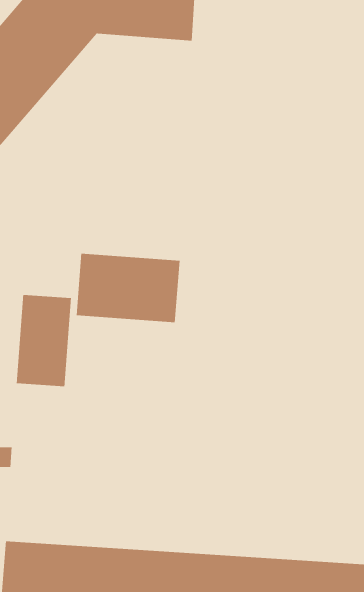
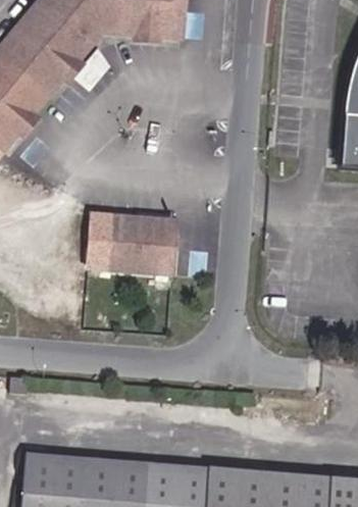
building: [16,294,71,387] -> none

